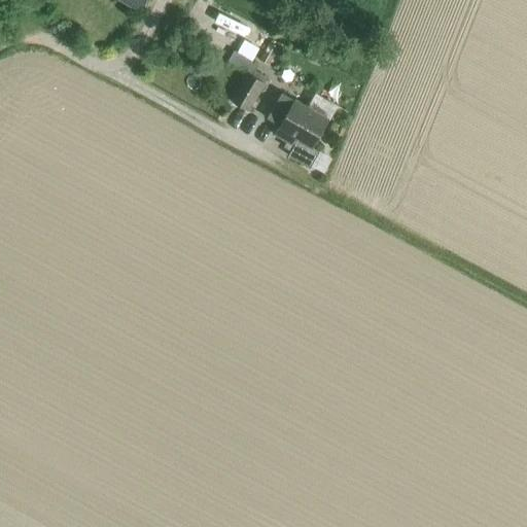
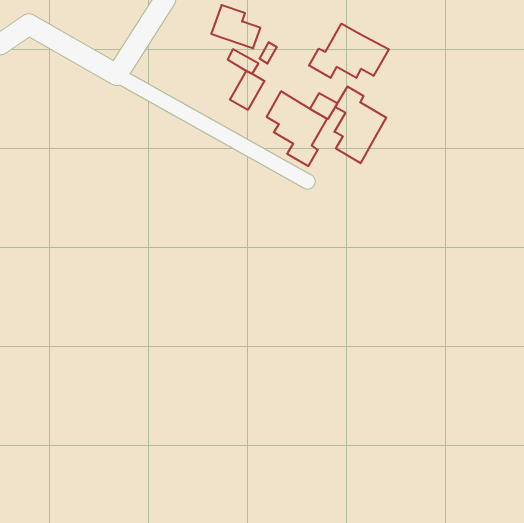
building: none -> [309,24,389,78]
building: none -> [334,86,386,163]

